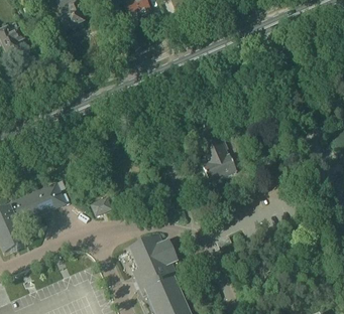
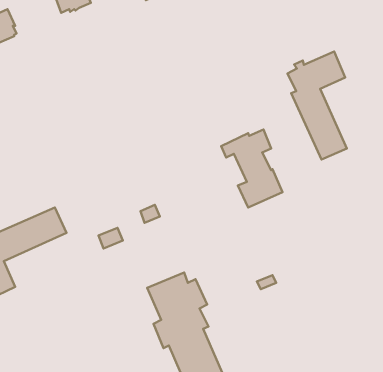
building: none -> [288,52,347,160]

